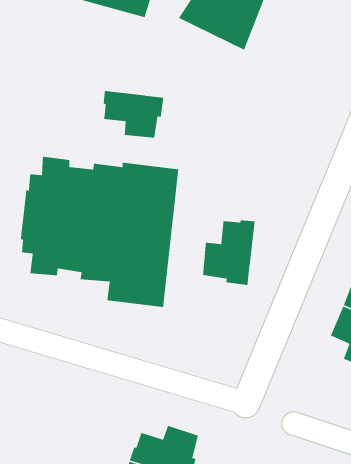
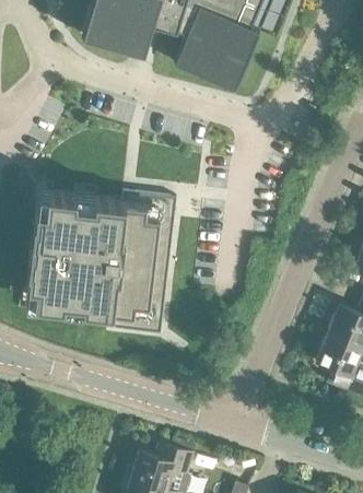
building: [103,90,164,138] -> none
building: [202,219,256,286] -> none

